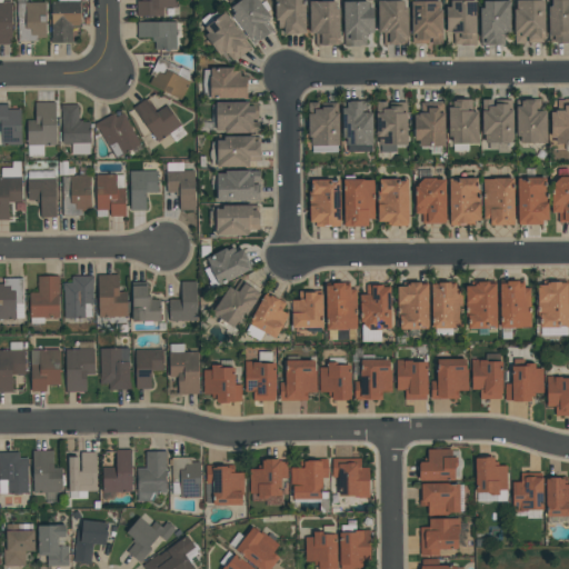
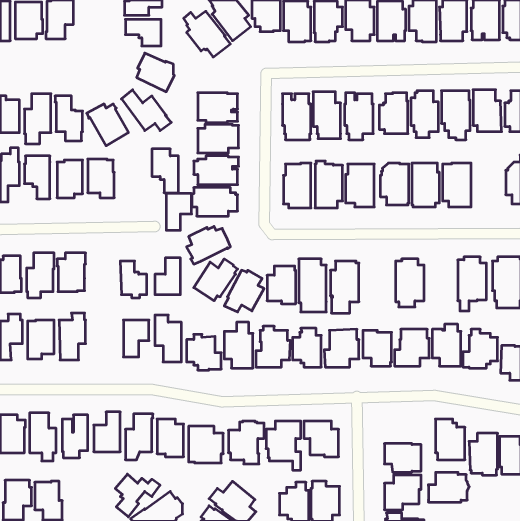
building: [203,68,248,99] -> none
building: [131,170,159,210] -> [166,194,192,230]
building: [518,178,549,224] -> none
building: [98,274,129,317] -> none
building: [466,280,497,328] -> none
building: [398,281,429,329] -> none
building: [100,348,130,390] -> none
building: [420,449,465,481] -> [428,472,469,502]
building: [74,518,109,563] -> none

